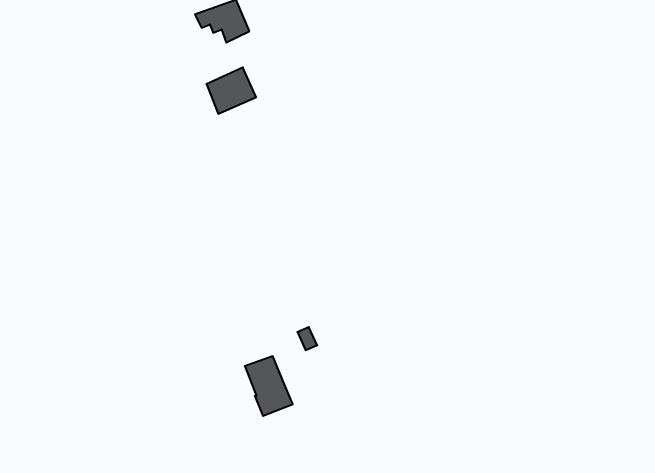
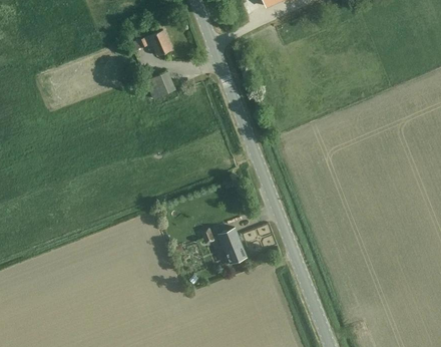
building: [245,356,293,416] -> [218,228,248,264]

